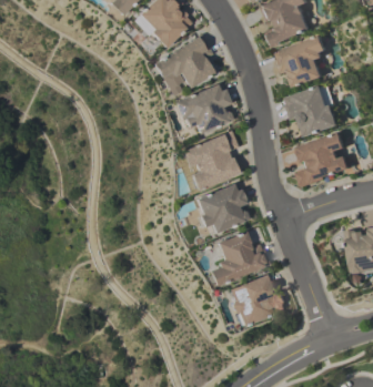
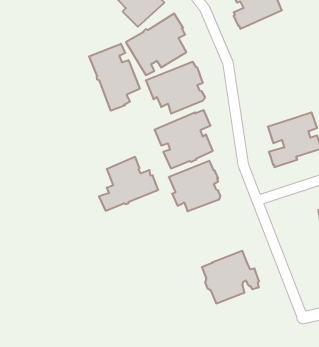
building: [271,37,324,88] -> none
building: none -> [89,44,140,111]
building: [284,84,337,138] -> none
building: [208,231,268,285] -> [99,157,158,211]

